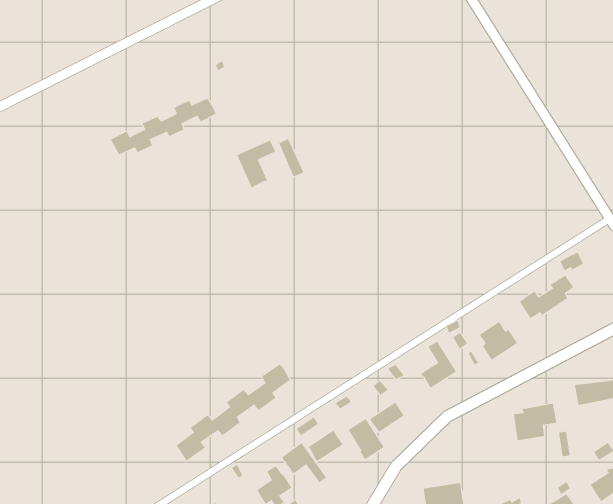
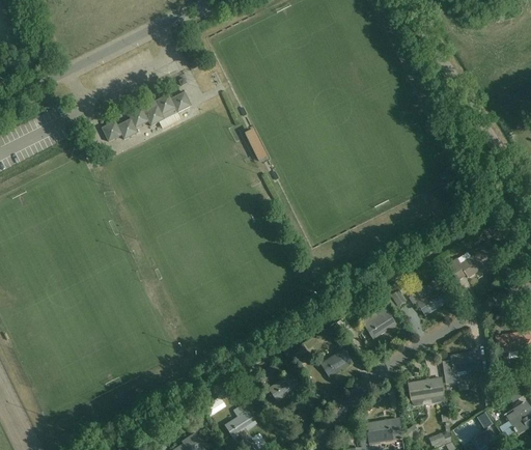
building: [237,140,276,188] -> none
building: [176,364,290,462] -> none
building: [348,418,385,460] -> none
building: none -> [408,378,443,406]
building: [281,442,327,483] -> none

